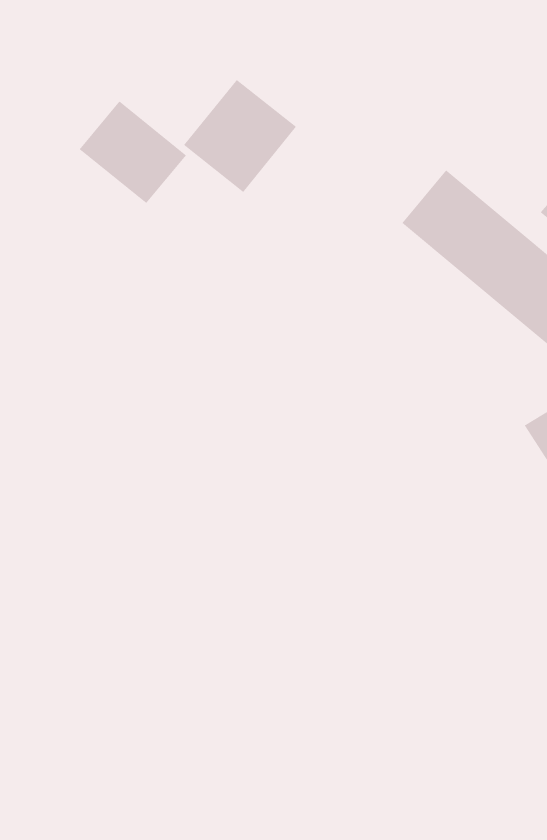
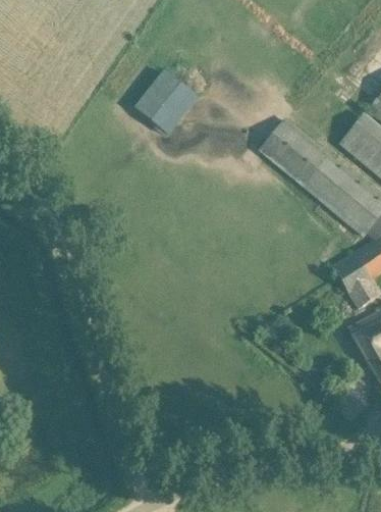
building: [79,100,187,204] -> none

